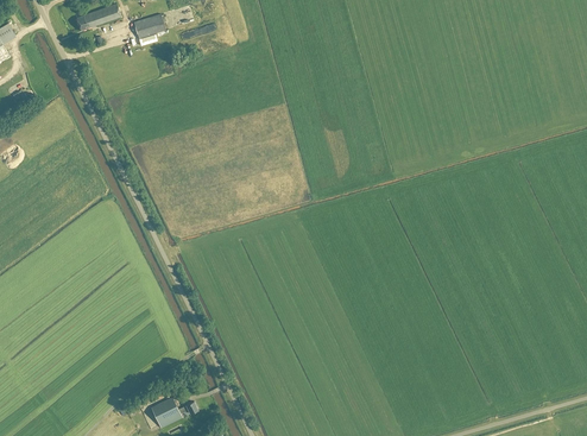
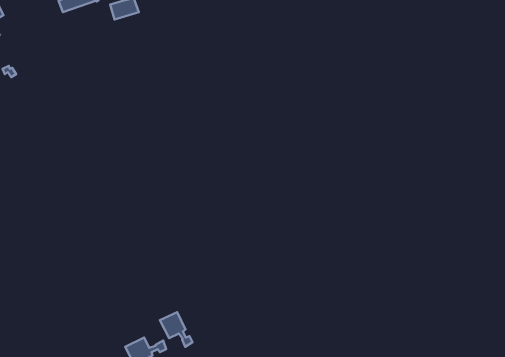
building: none -> [160,312,192,347]

